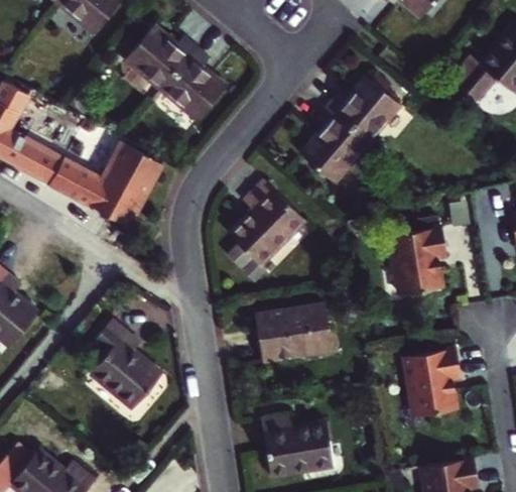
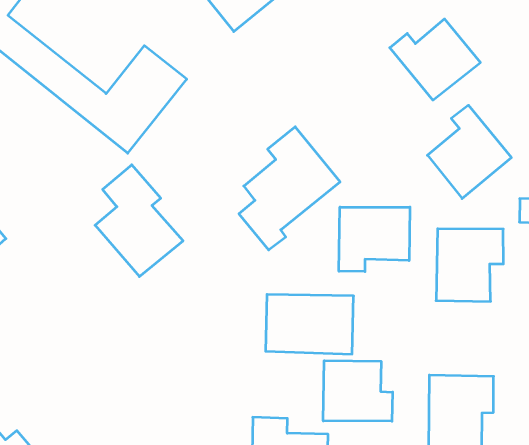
building: [298,103,367,179] -> [427,105,511,199]
building: none -> [339,207,410,272]
building: [91,322,164,411] -> [95,165,183,277]
building: none -> [323,361,393,421]

